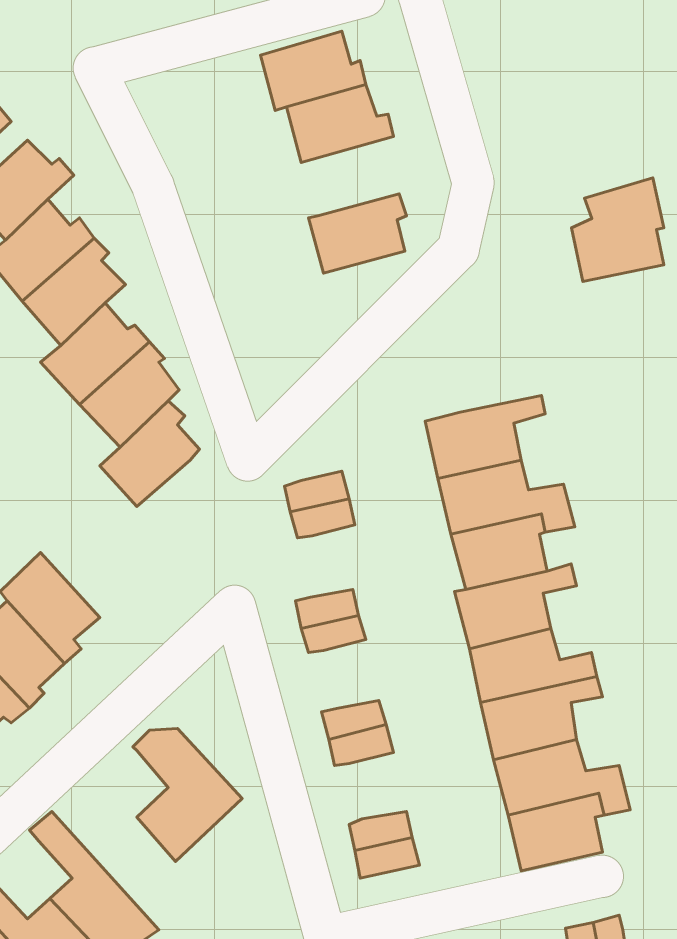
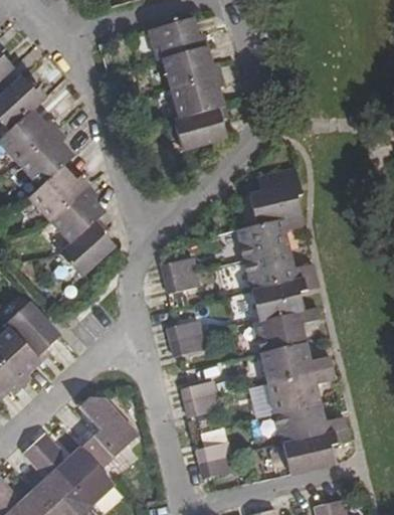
building: none -> [170,74,223,118]
building: [572,178,664,281] -> [250,168,301,224]
building: none -> [34,432,115,506]

